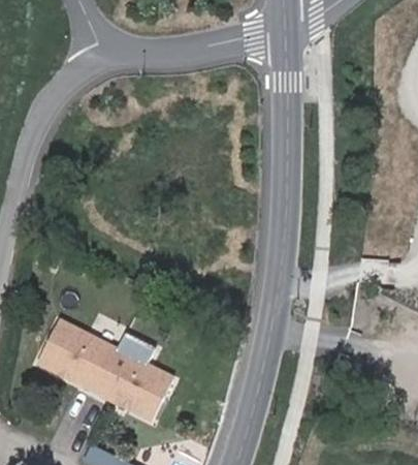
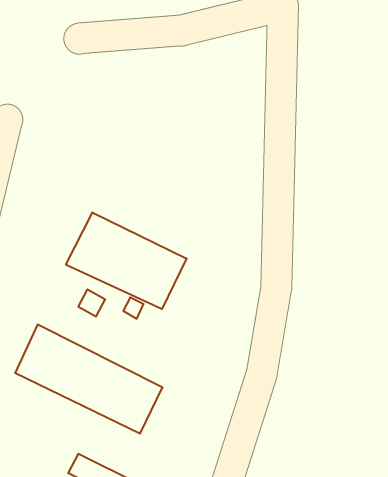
building: none -> [66,212,187,309]

